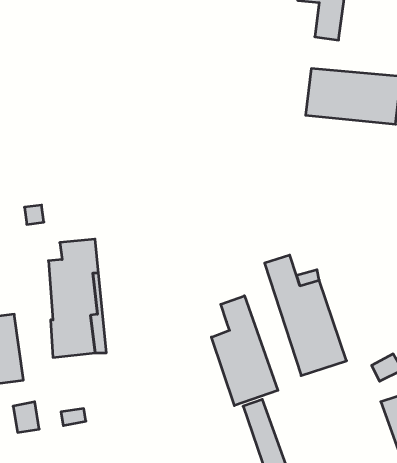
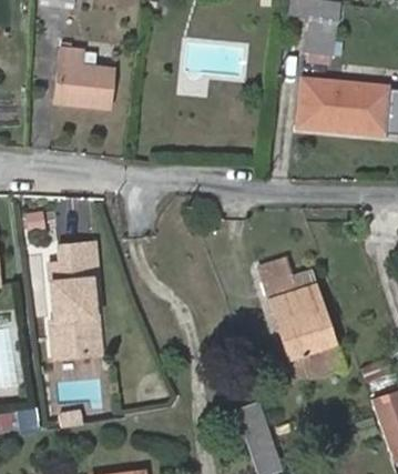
building: none -> [57,48,114,107]
building: [211,296,278,406] -> none

